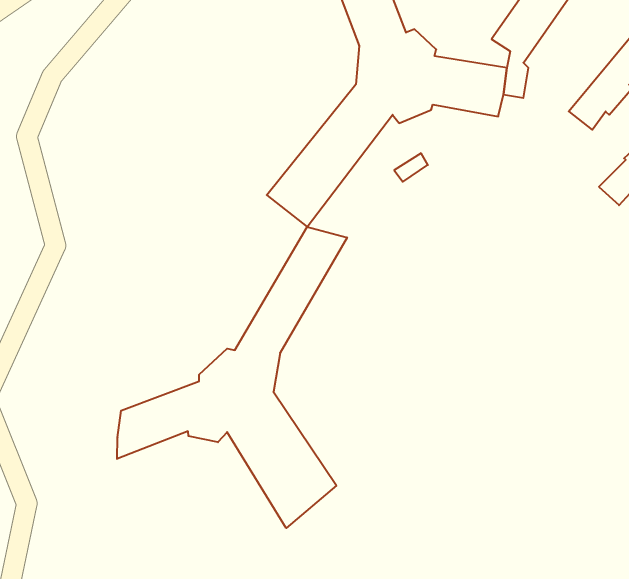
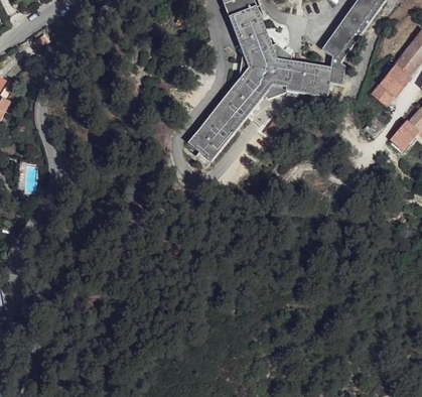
building: [117,227,347,528] -> none

